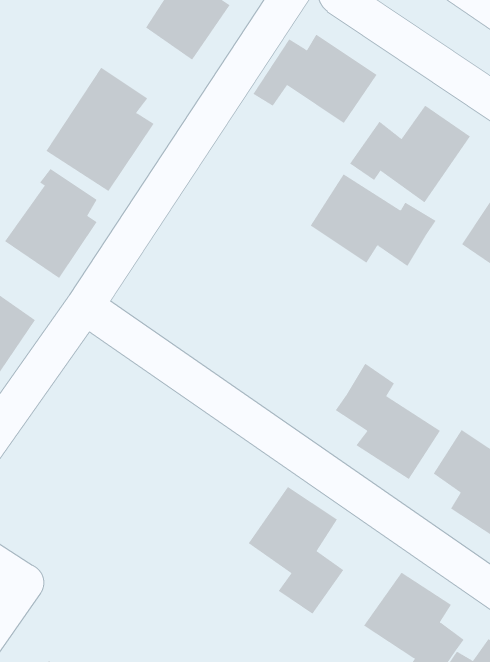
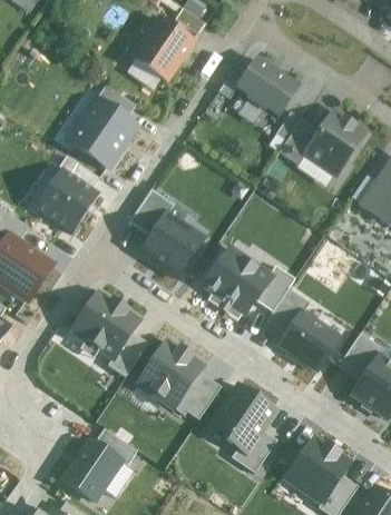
building: [310,173,436,267] -> [206,248,295,314]
building: none -> [130,191,205,279]
building: none -> [68,287,147,372]
building: none -> [139,340,218,418]
building: none -> [59,427,130,497]

